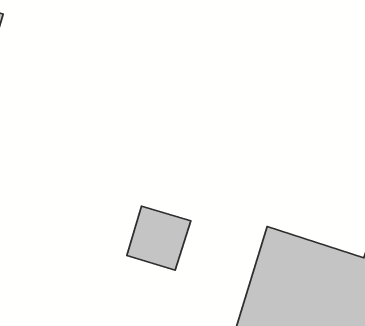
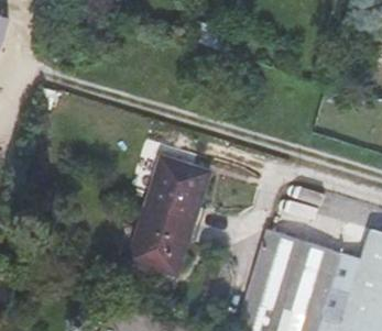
building: none -> [144,158,209,224]

